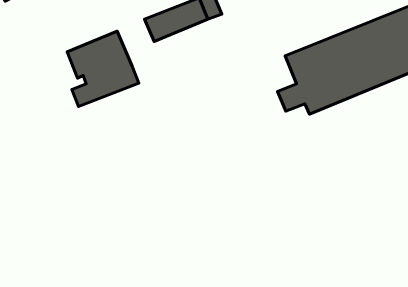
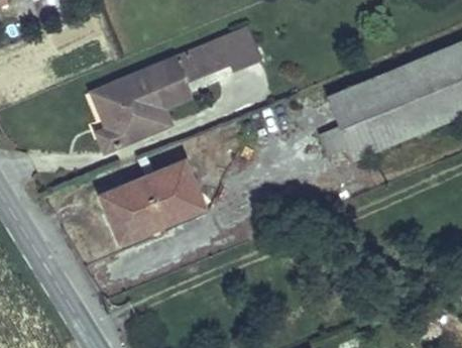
building: none -> [146,56,192,107]
building: none -> [100,160,206,243]

